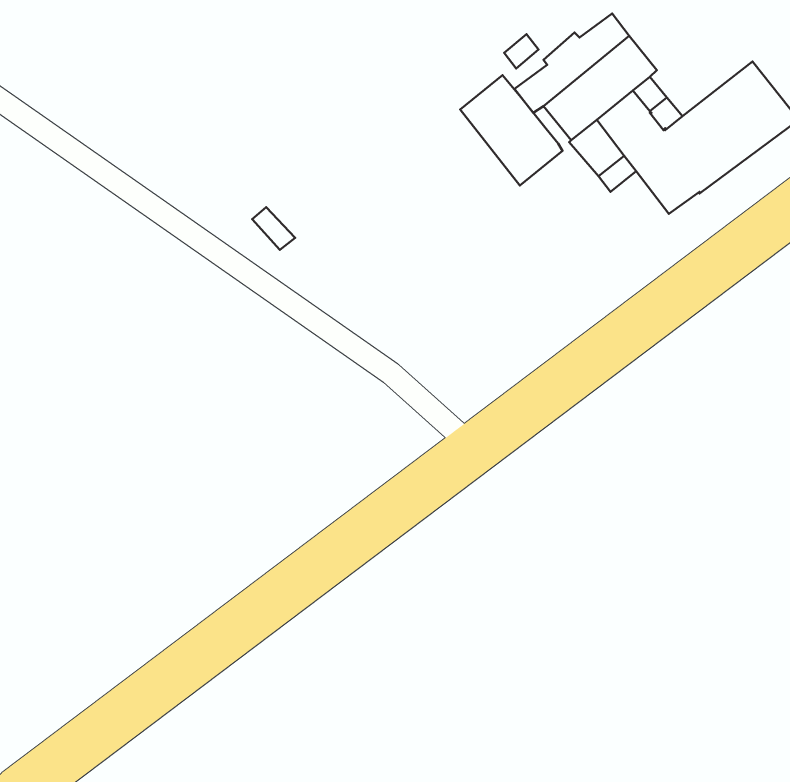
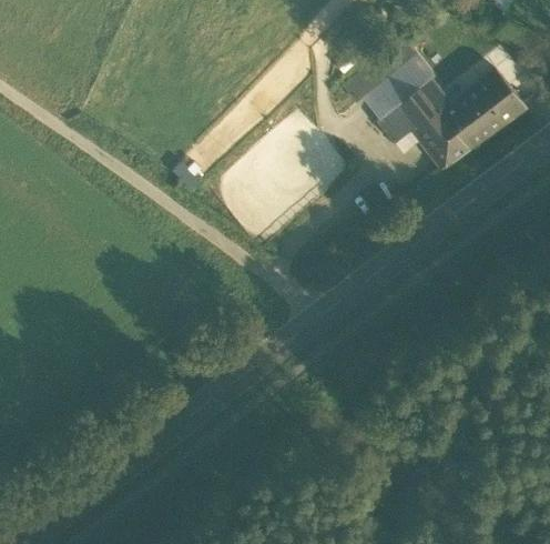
building: [460,75,562,185] -> none

